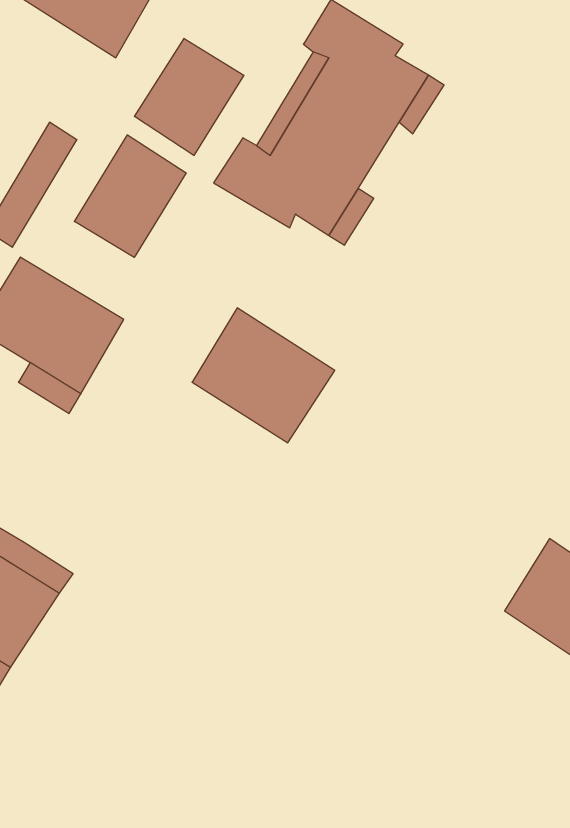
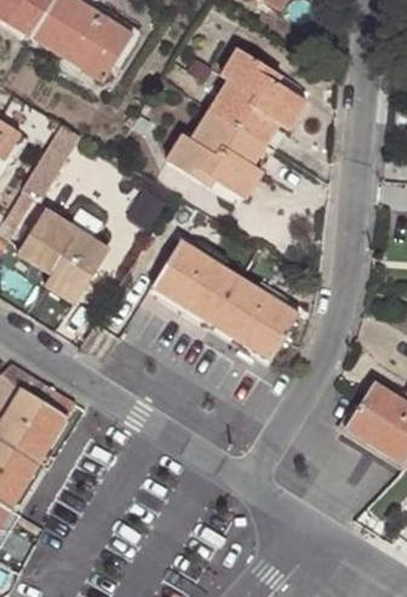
building: [135,38,244,155] -> none
building: [74,135,186,257] -> none
building: none -> [211,277,300,360]

